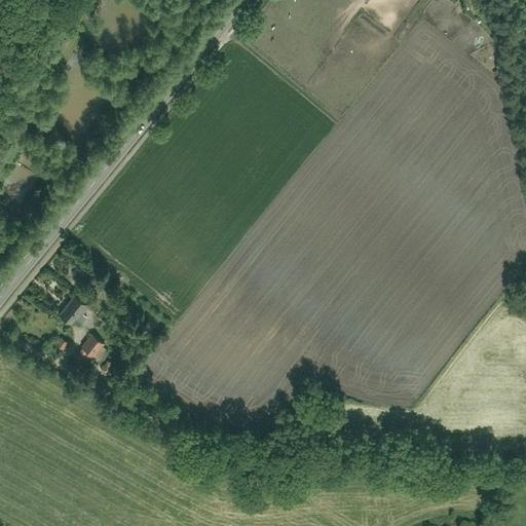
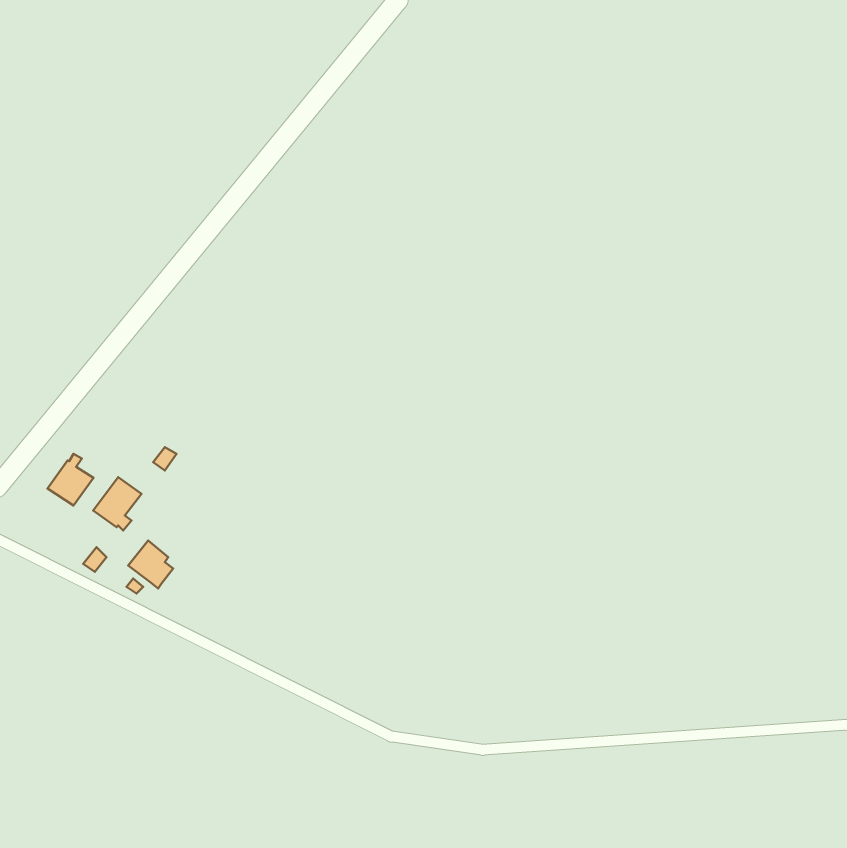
building: none -> [48,454,94,506]

